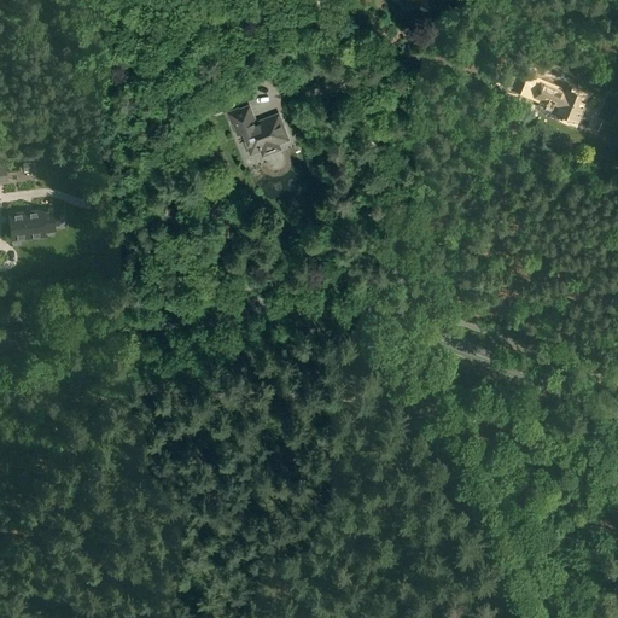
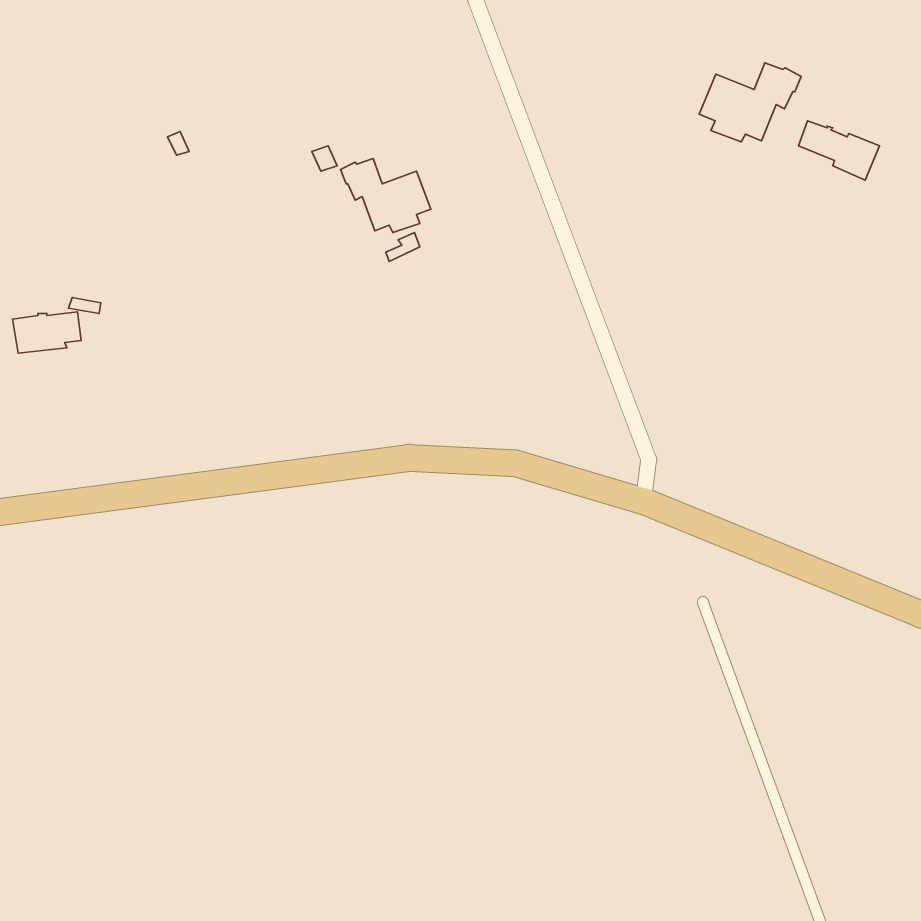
building: none -> [699,63,801,142]

